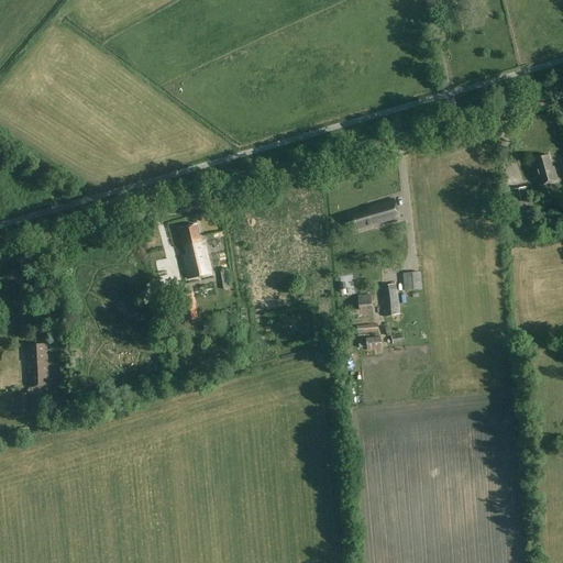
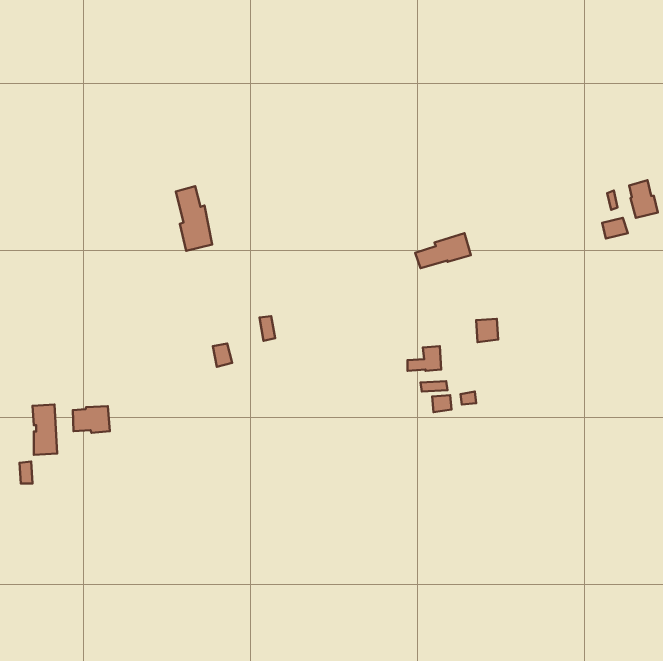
building: [180,223,211,278] -> [176,186,212,251]
building: [382,283,401,316] -> none
building: none -> [73,406,110,433]

